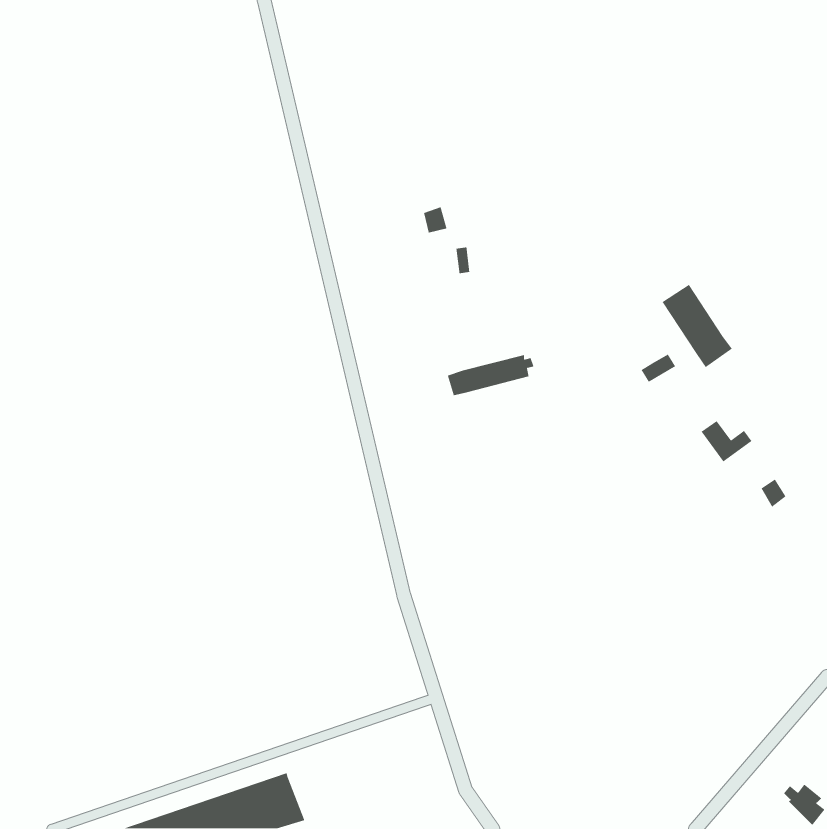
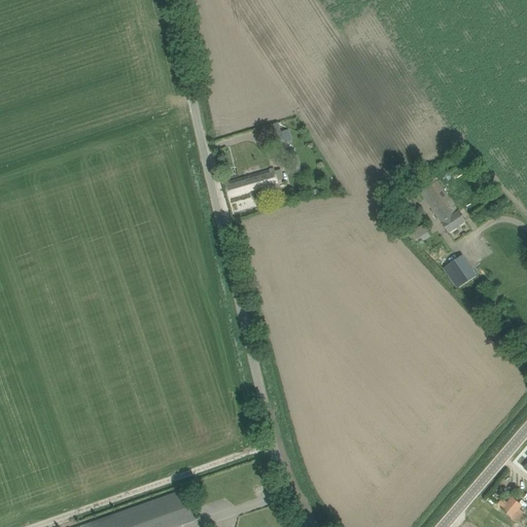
building: [447,354,534,396] -> [224,170,280,197]

